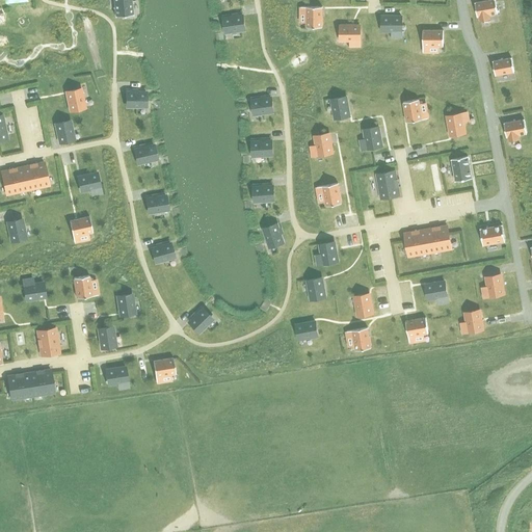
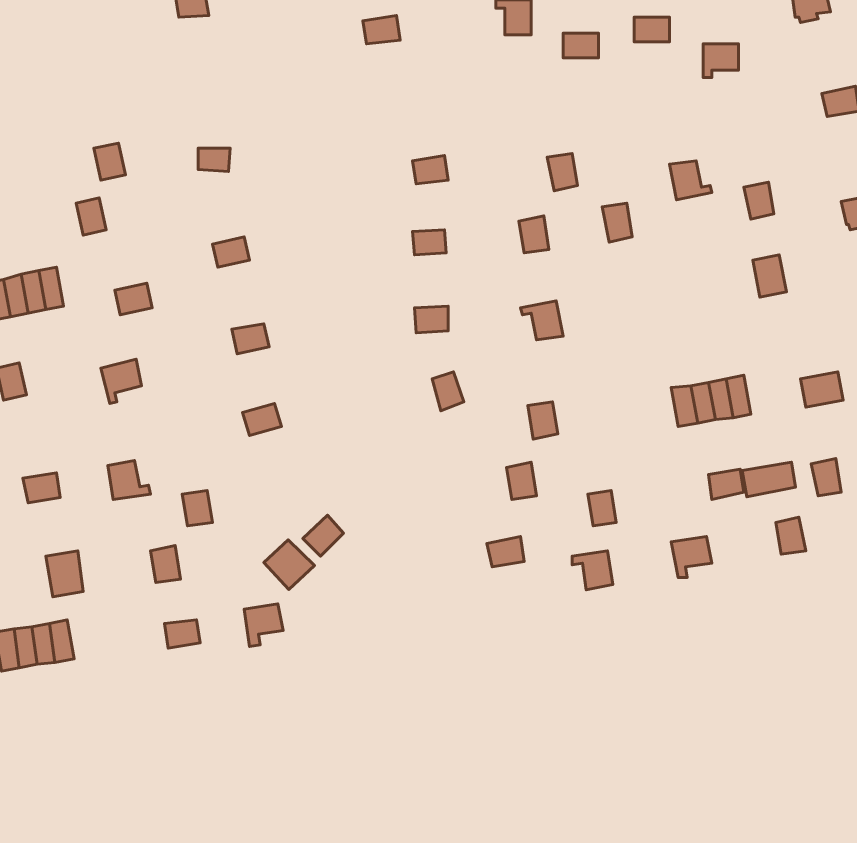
building: [376,170,398,197] -> none
building: none -> [742,462,795,497]
building: none -> [264,540,314,589]

